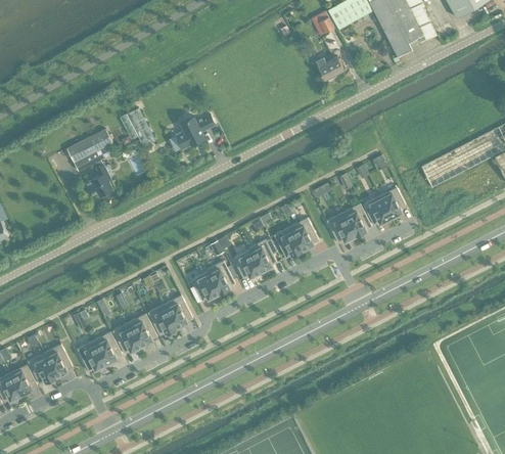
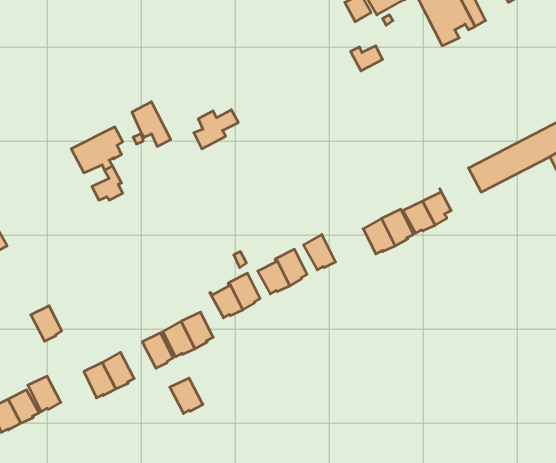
building: [289,218,318,251] -> none
building: [111,322,141,354] -> [170,378,203,414]
building: [44,345,72,376] -> [31,306,62,341]

